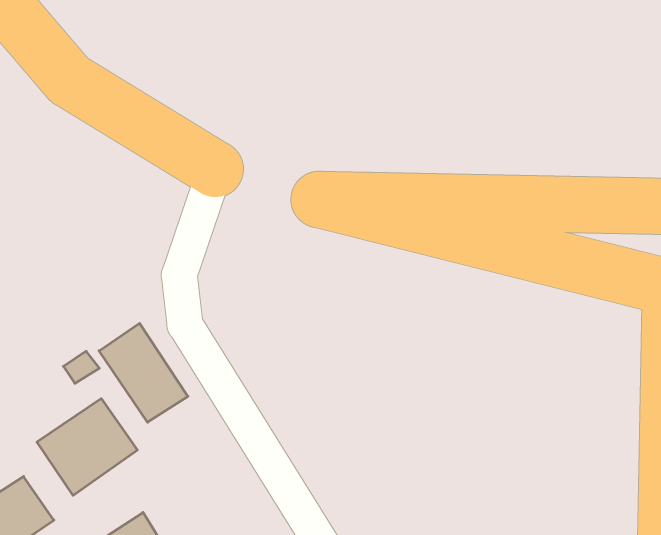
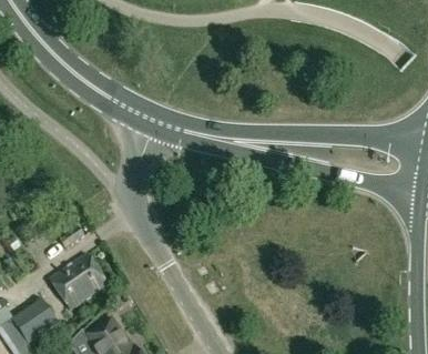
building: [99,323,188,422] -> none

